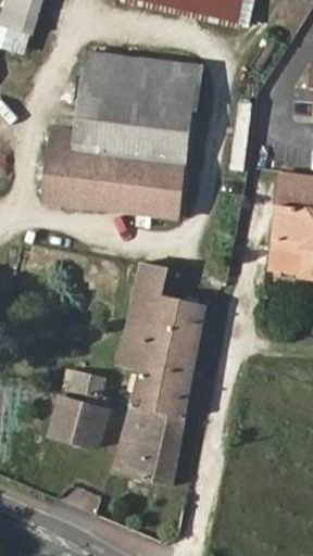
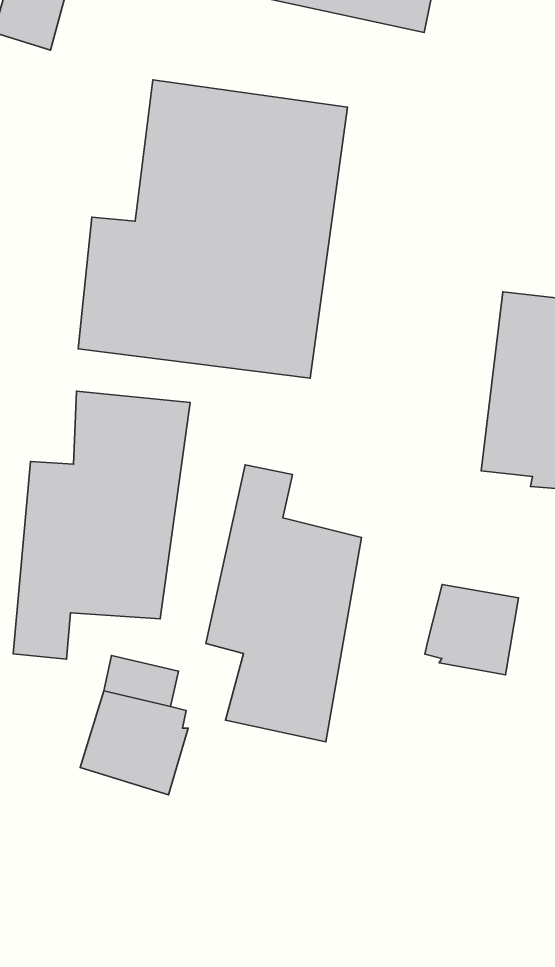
building: none -> [13,391,190,659]
building: none -> [425,585,519,675]
building: [113,405,185,484] -> none

